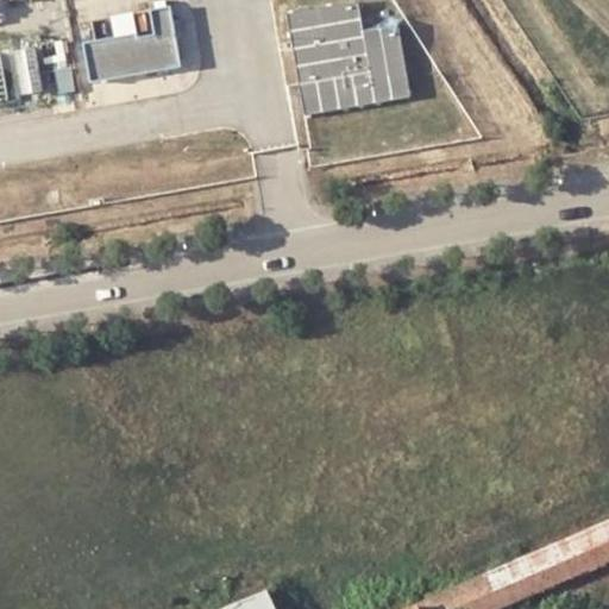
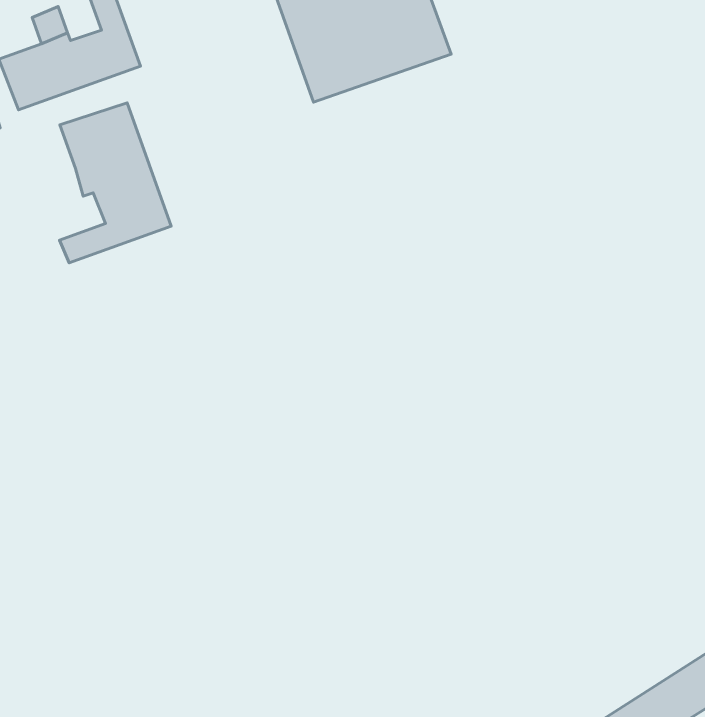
building: none -> [59,103,171,263]

